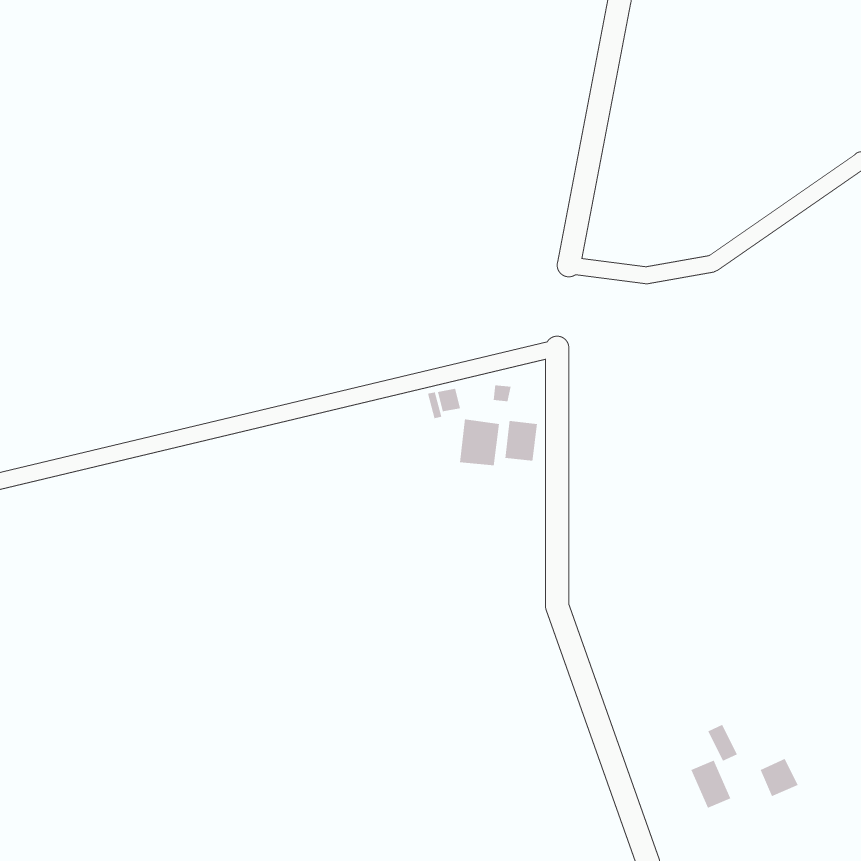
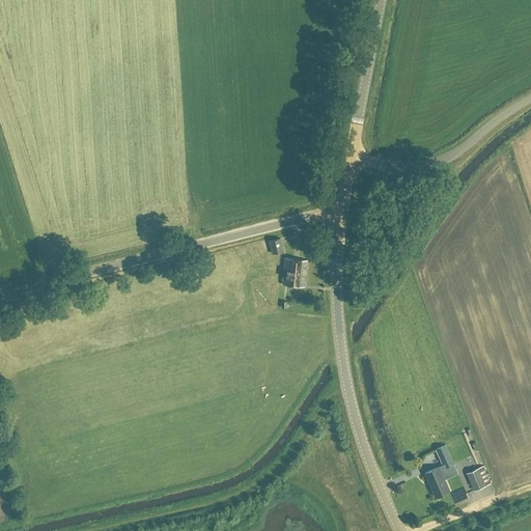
building: [505,420,537,462] -> none

